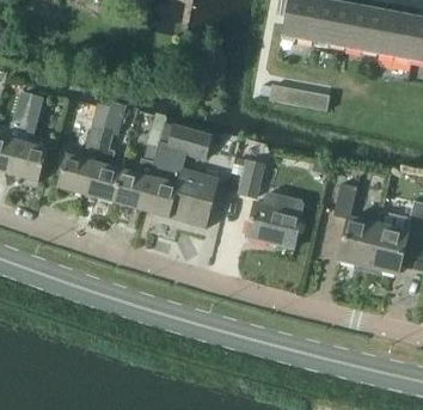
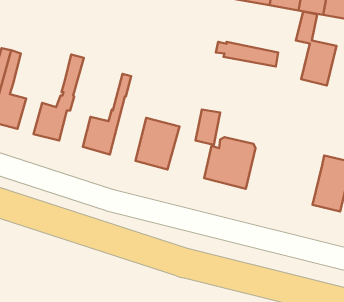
building: [85,102,124,201] -> none
building: [141,124,212,216] -> none
building: [332,183,378,265] -> [296,11,337,85]

